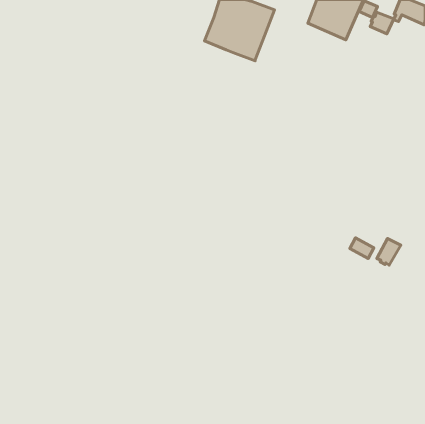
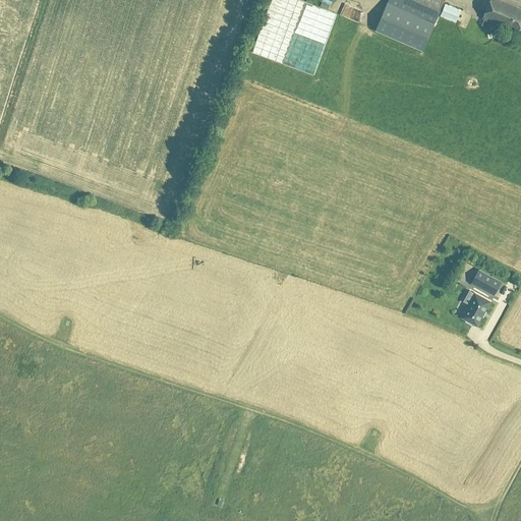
building: [370,12,394,34] -> none
building: [350,238,374,259] -> [471,269,501,294]

